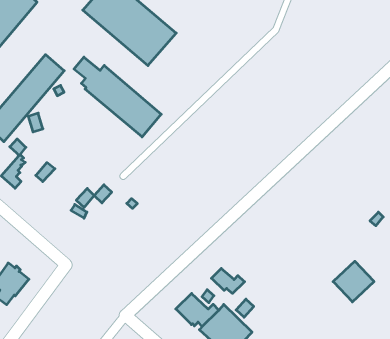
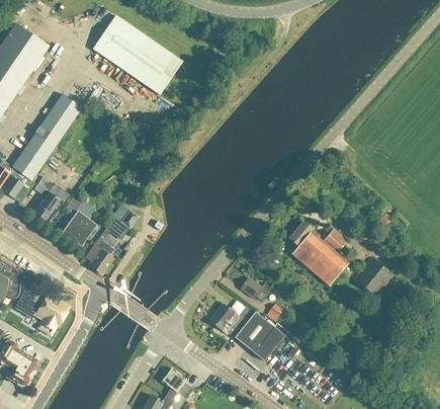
building: [74,57,161,137] -> none
building: none -> [62,211,98,246]
building: none -> [86,240,112,273]
building: none -> [289,222,348,285]

